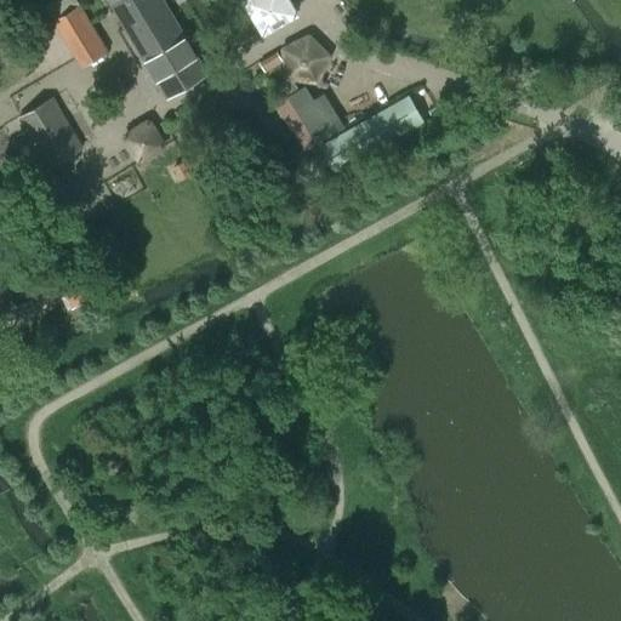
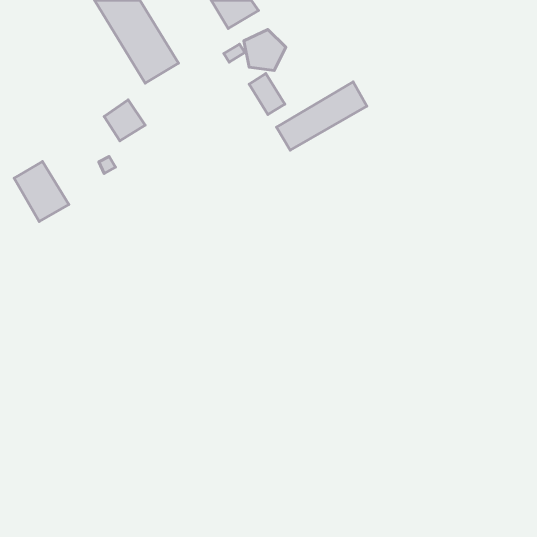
building: [53,5,107,67] -> none
building: [19,97,82,166] -> [14,161,69,221]

